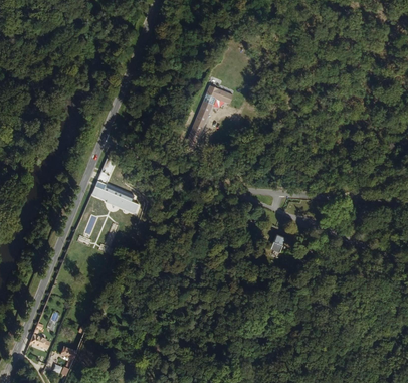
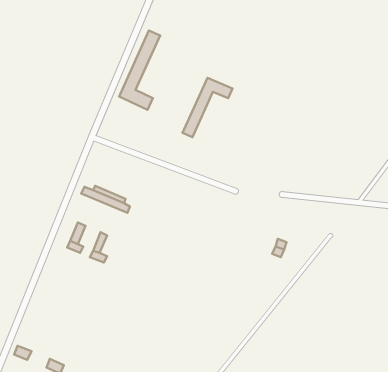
building: none -> [119,30,160,110]

